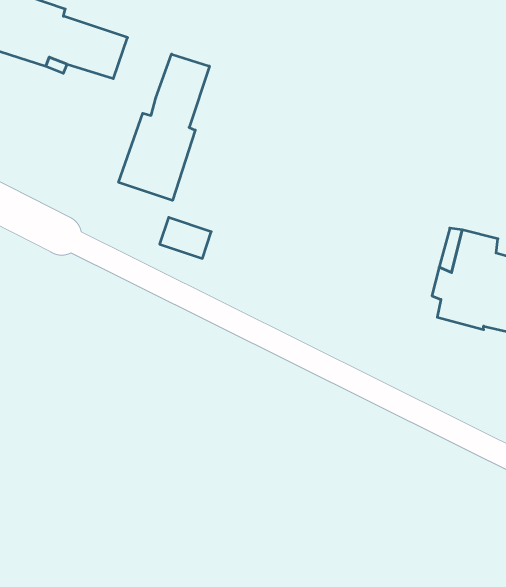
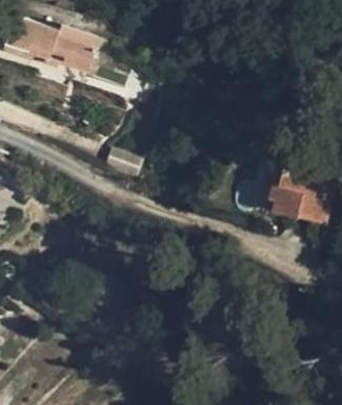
building: [119,54,209,200] -> none

